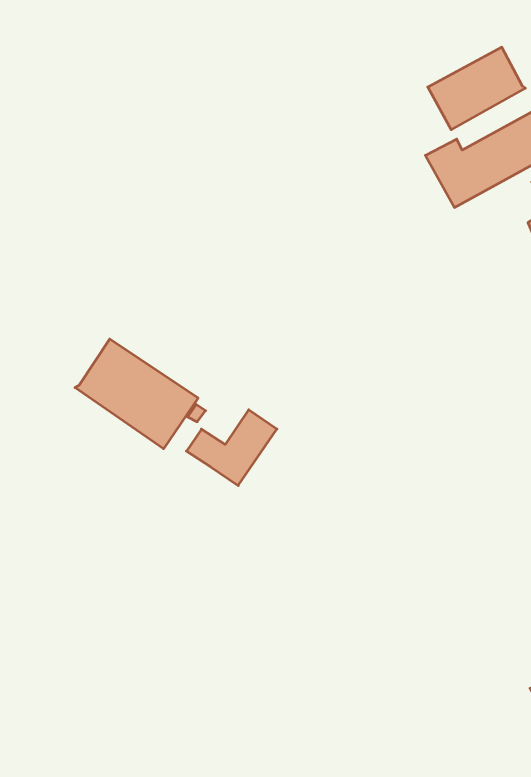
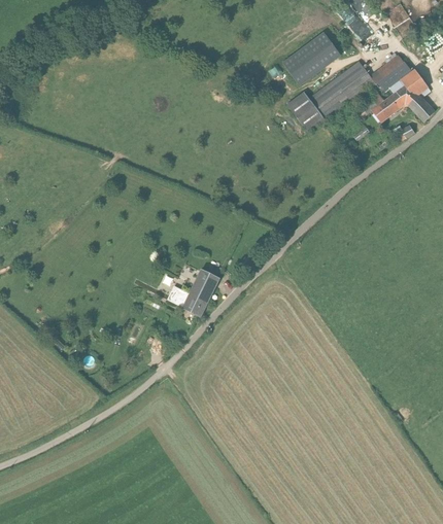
building: [75,339,198,449] -> none

